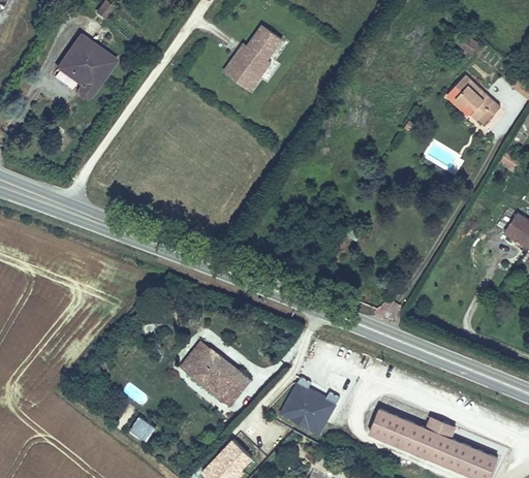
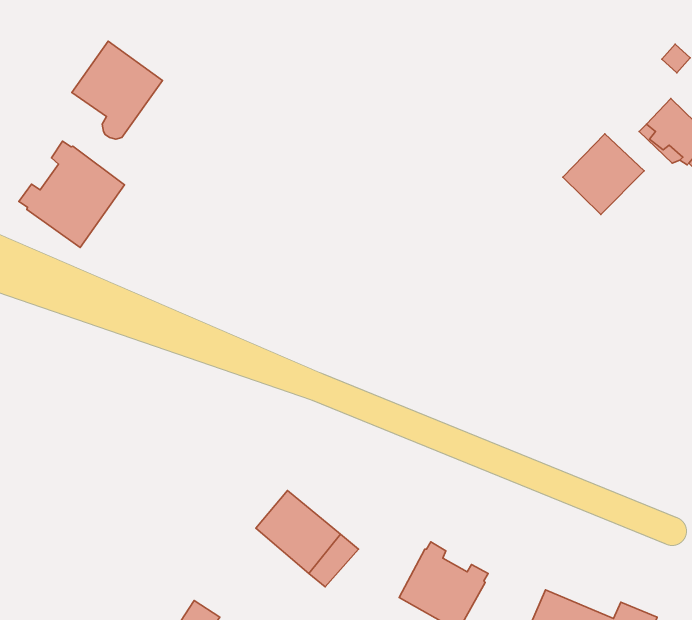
building: [222,26,282,92] -> none
building: none -> [563,134,644,214]
building: none -> [19,141,125,247]

